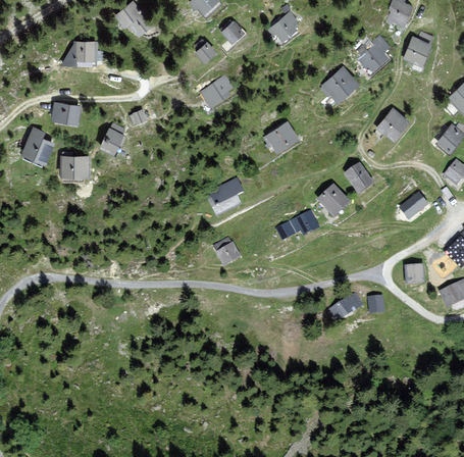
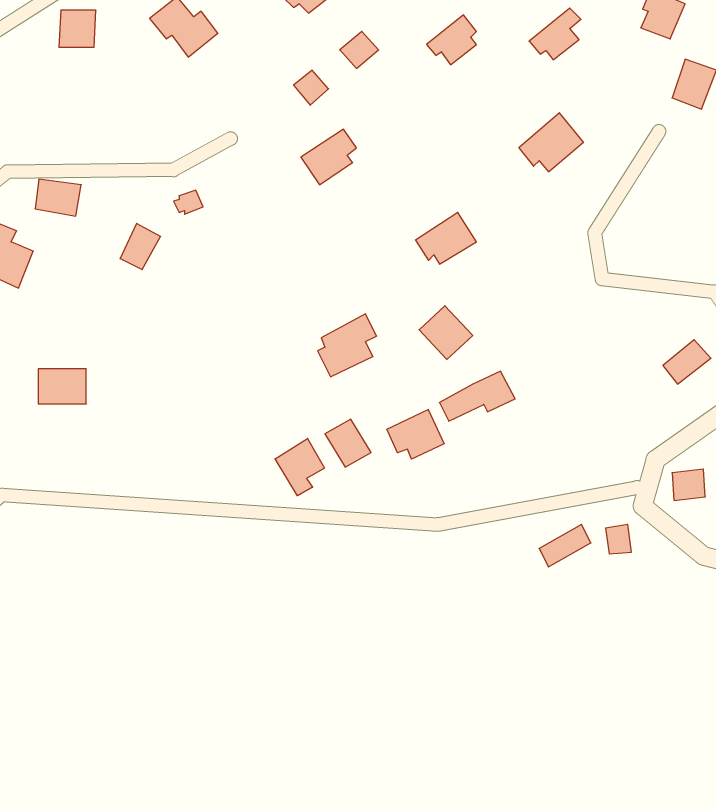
building: [359,41,388,69] -> [529,8,581,60]
building: [74,43,95,63] -> [59,10,96,47]
building: [378,109,408,140] -> none
building: [61,158,88,177] -> [38,369,86,404]
building: [345,163,371,191] -> none
building: [318,185,348,214] -> [419,306,473,359]
building: none -> [387,409,444,459]
building: none -> [275,438,324,496]

